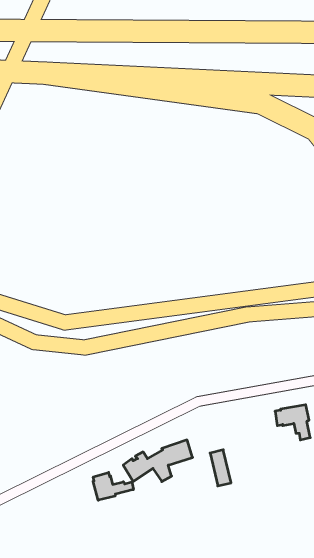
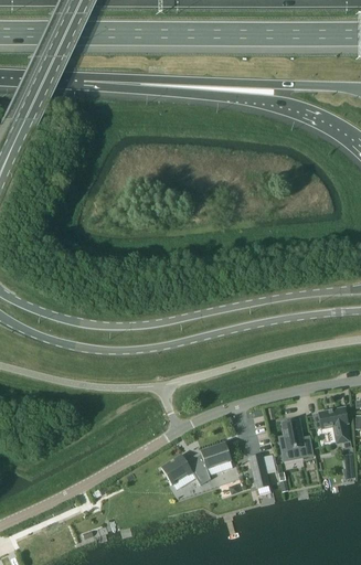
building: none -> [278,419,312,459]
building: [93,472,133,500] -> none

